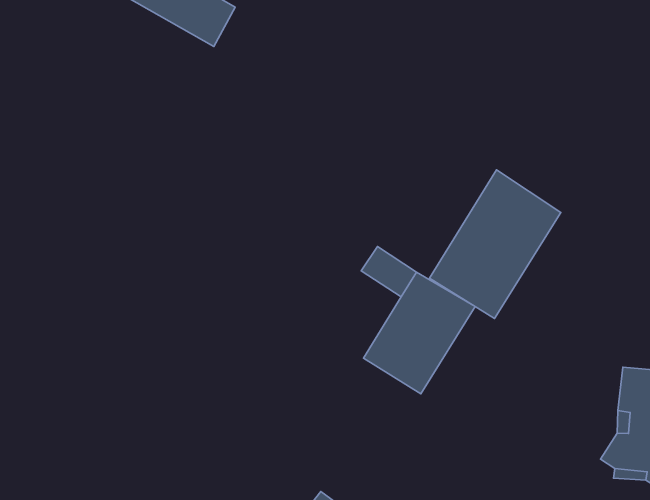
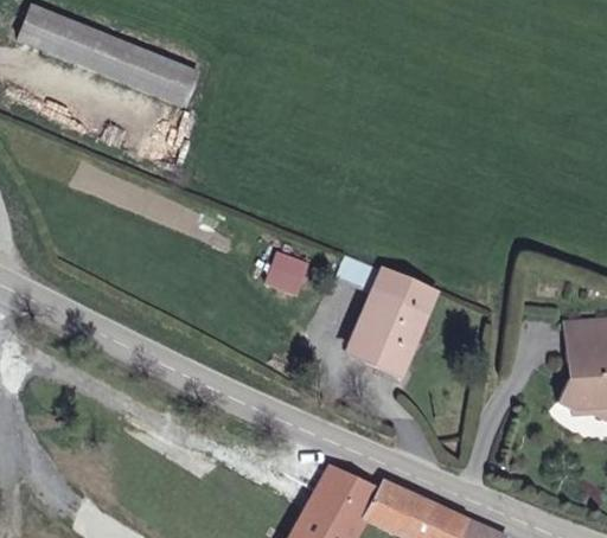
building: [429,170,561,318] -> none
building: none -> [267,245,312,292]

